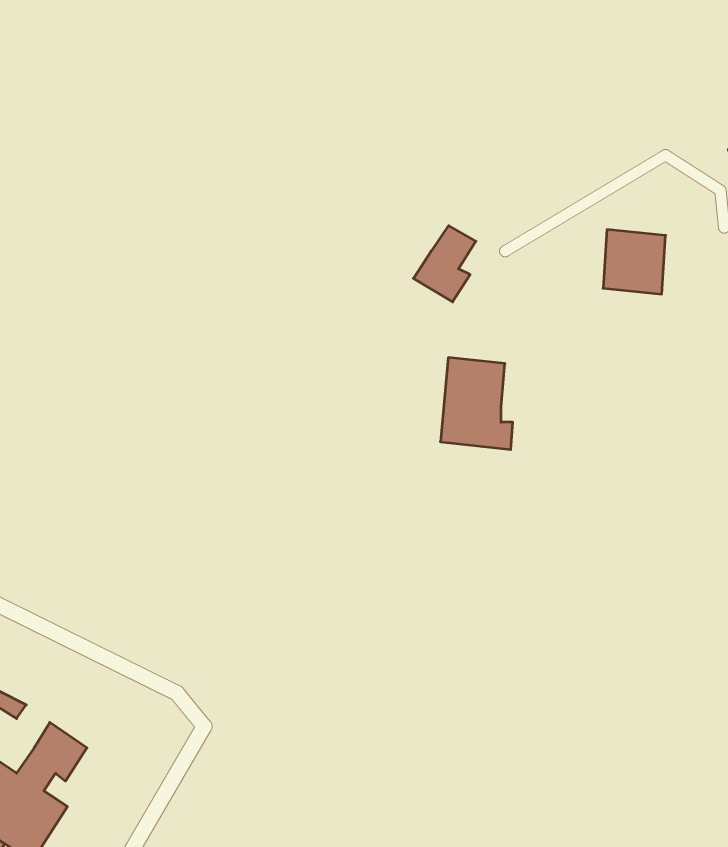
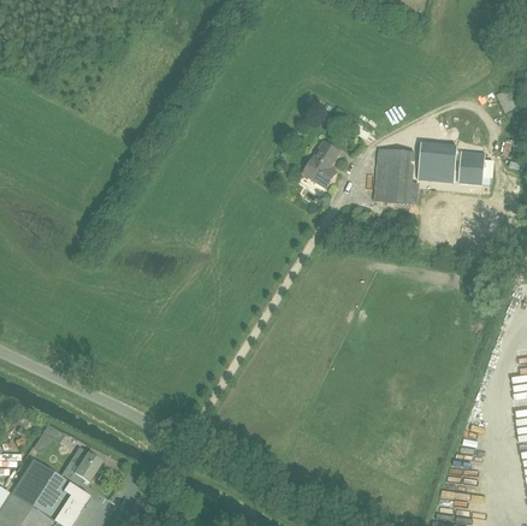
building: none -> [457,150,484,184]
building: [440,358,513,450] -> [373,147,418,203]

